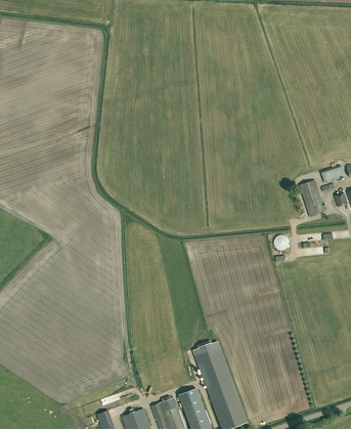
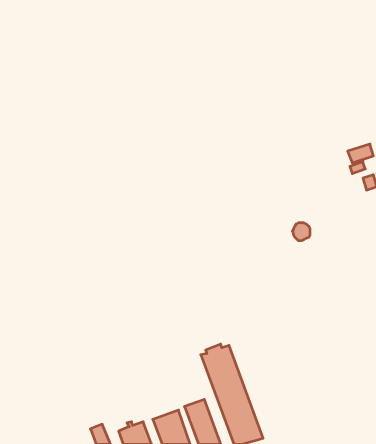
building: [299,180,325,216] -> none

